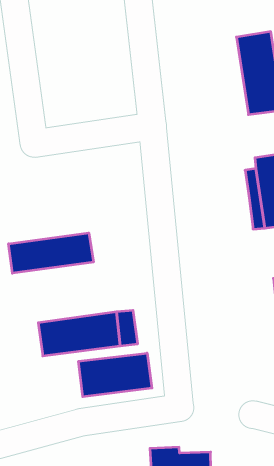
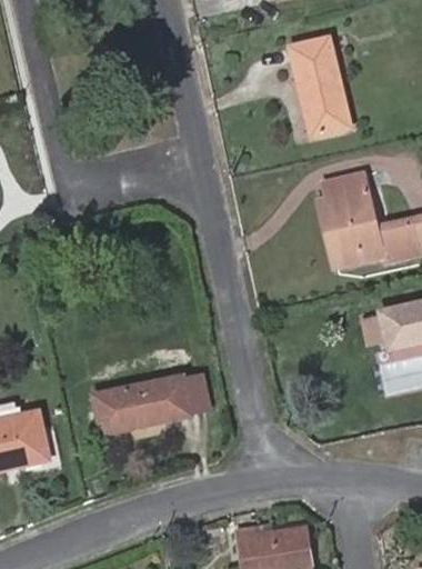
building: [9,233,93,273] -> none
building: [79,353,152,397] -> none

